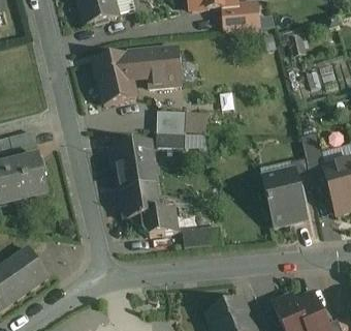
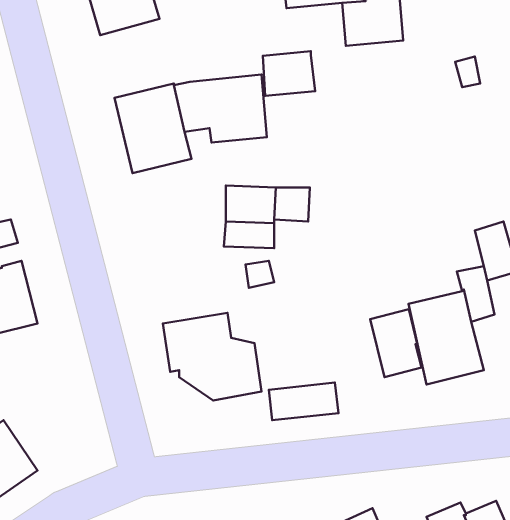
building: none -> [263,51,315,96]
building: [110,143,158,190] -> none
building: none -> [370,309,422,377]

